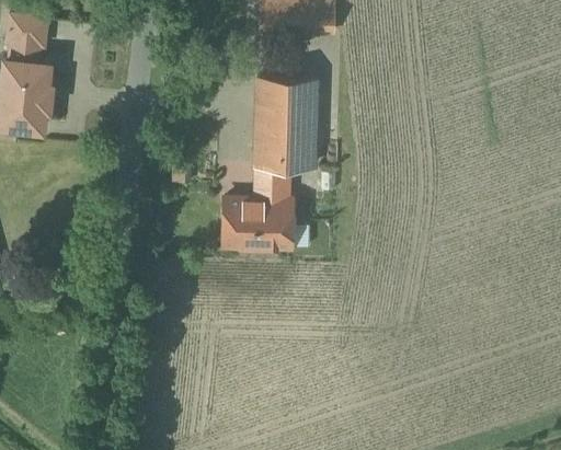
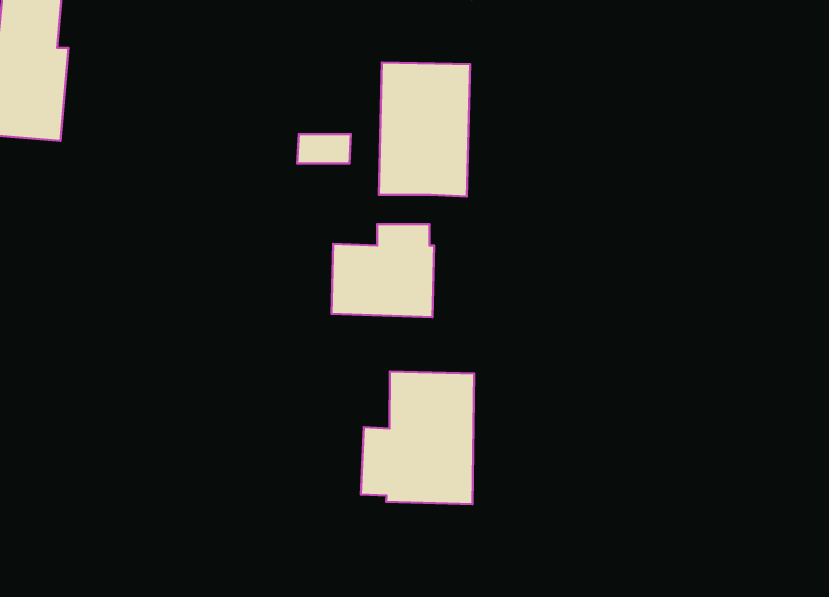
building: [255,166,291,186] -> [297,134,351,164]
building: none -> [361,372,474,504]

